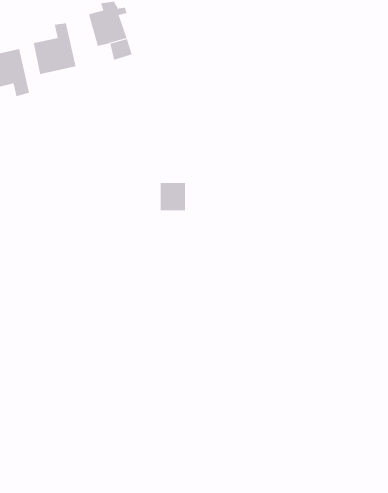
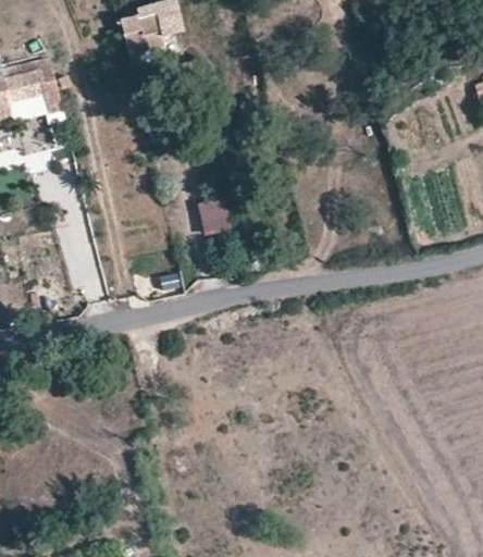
building: [33,22,76,75] -> none

